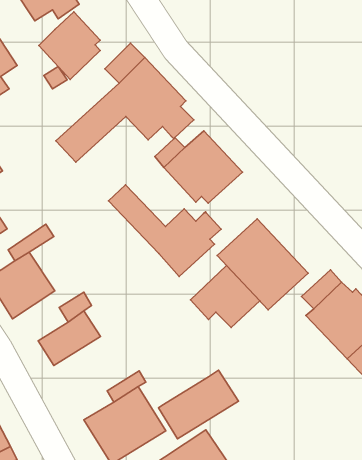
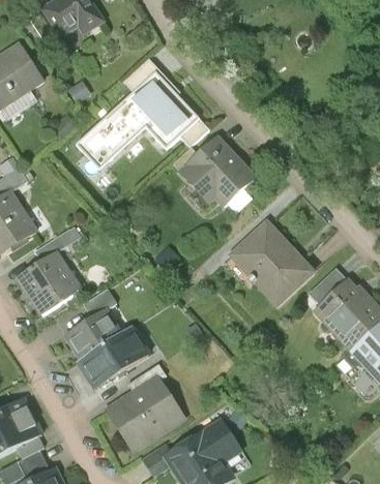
building: [39,12,100,79] -> none
building: [108,185,221,276] -> none
building: [191,266,260,328] -> none
building: [159,370,239,439] -> [76,325,150,389]

